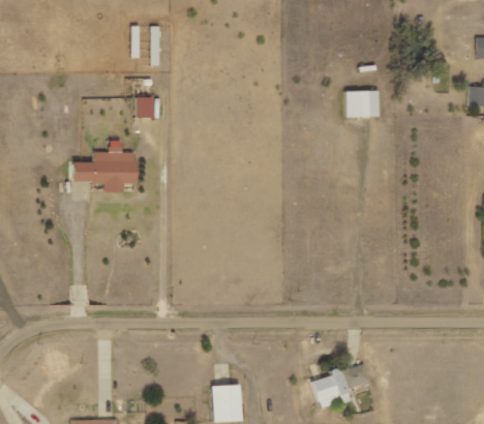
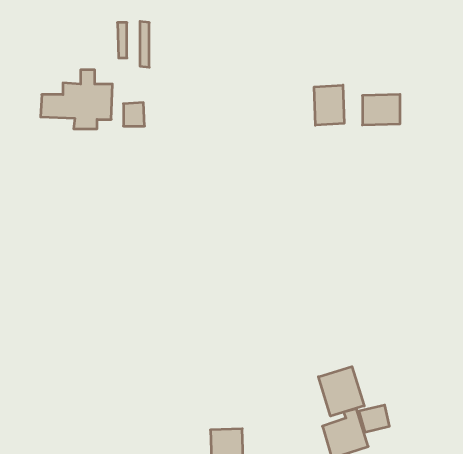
building: none -> [314,85,344,125]
building: [74,141,138,192] -> [41,70,112,129]
building: none -> [318,367,364,416]

